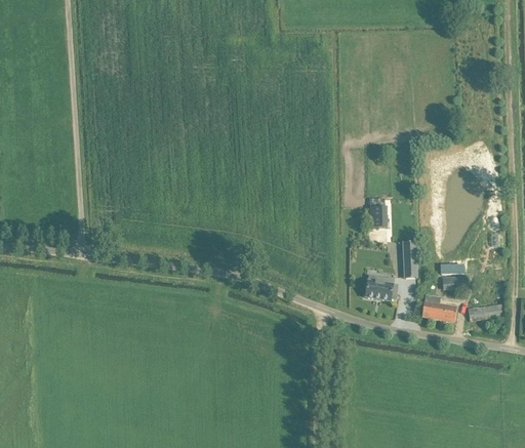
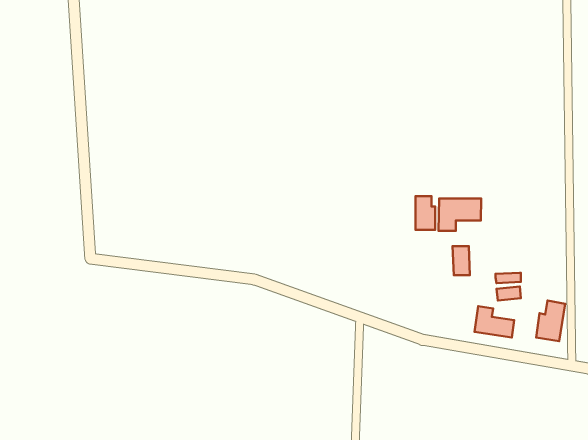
building: none -> [439,199,481,231]
building: [363,277,397,300] -> none

